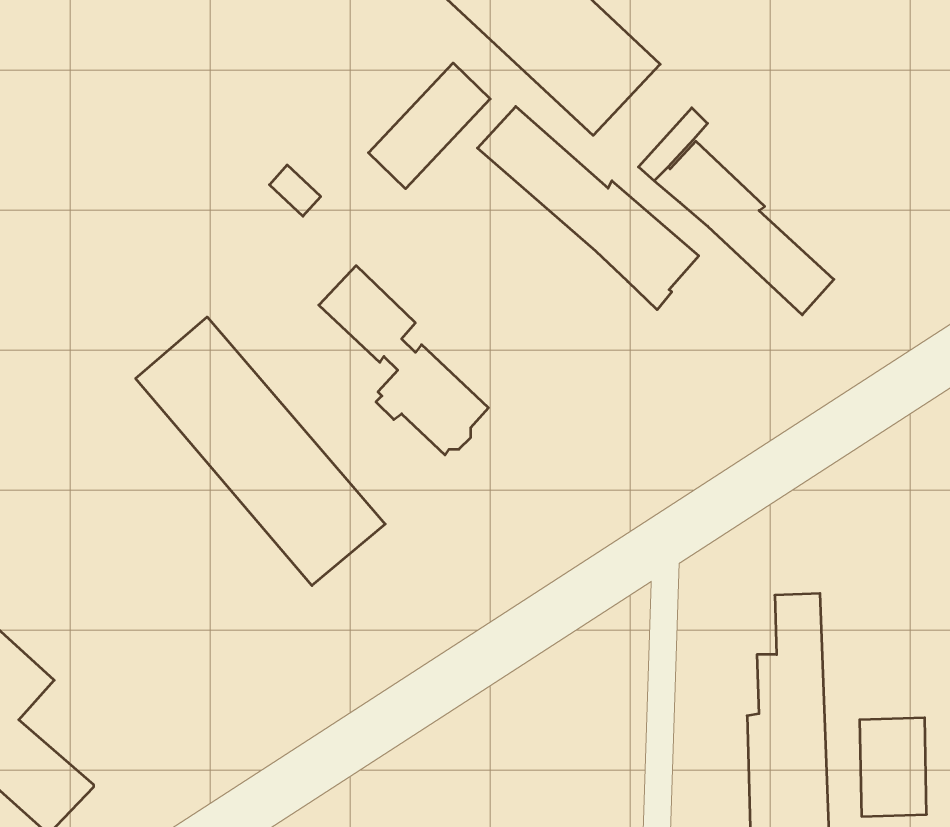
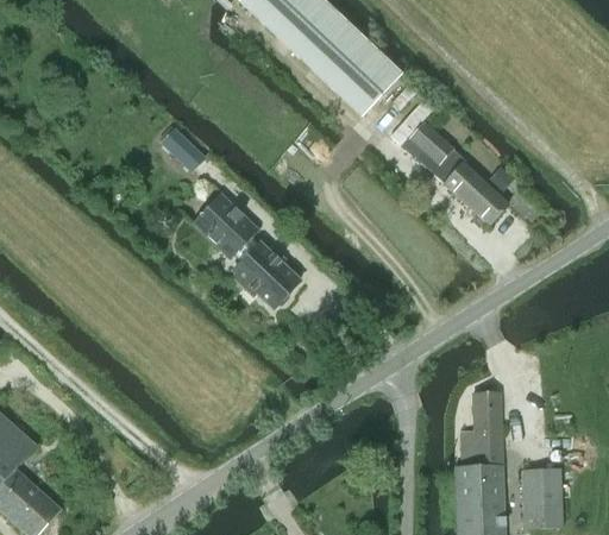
building: [368,63,490,189] -> none
building: [477,106,699,310] -> none
building: [136,317,385,586] -> none

